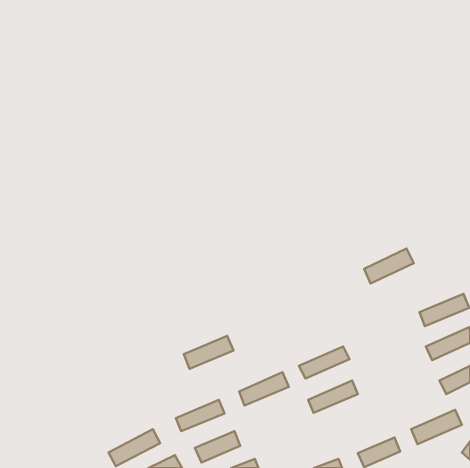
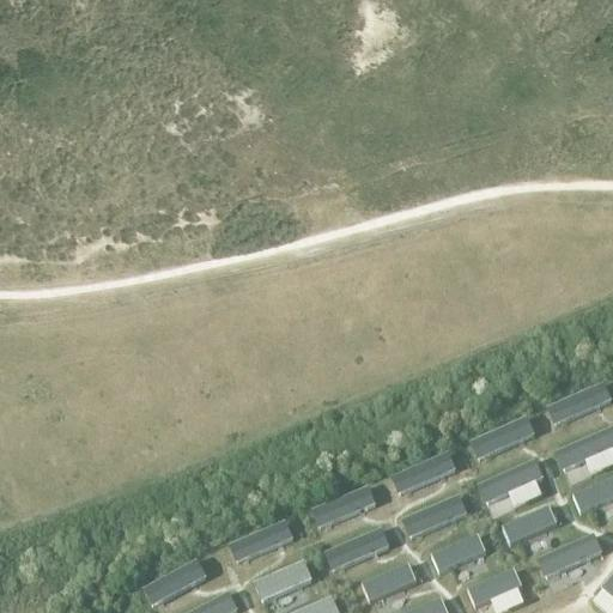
building: [364,249,414,284] -> [469,414,534,460]
building: [184,336,233,369] -> [324,527,389,570]
building: none -> [477,459,542,502]
building: none -> [502,506,554,544]
building: none -> [431,534,484,571]
building: none -> [362,564,415,601]

